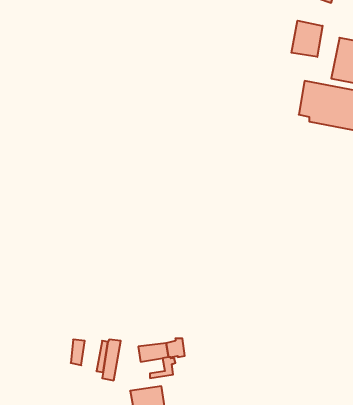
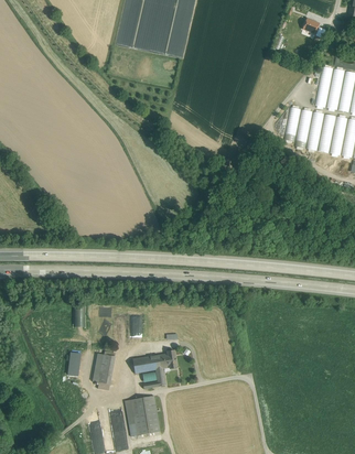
building: [291,21,323,57] -> none

